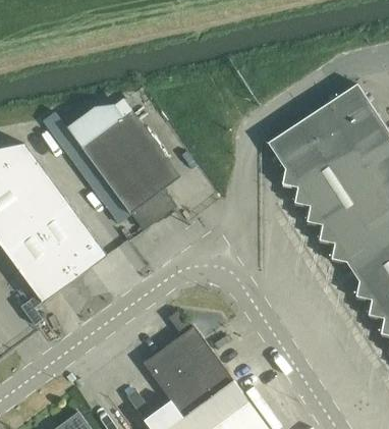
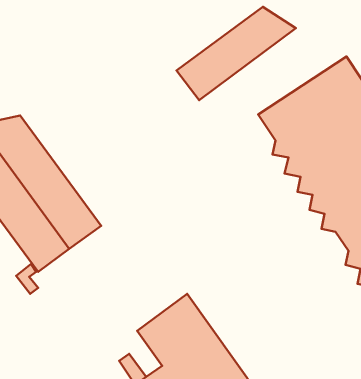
building: none -> [177,7,296,100]
building: [42,105,180,229] -> none

